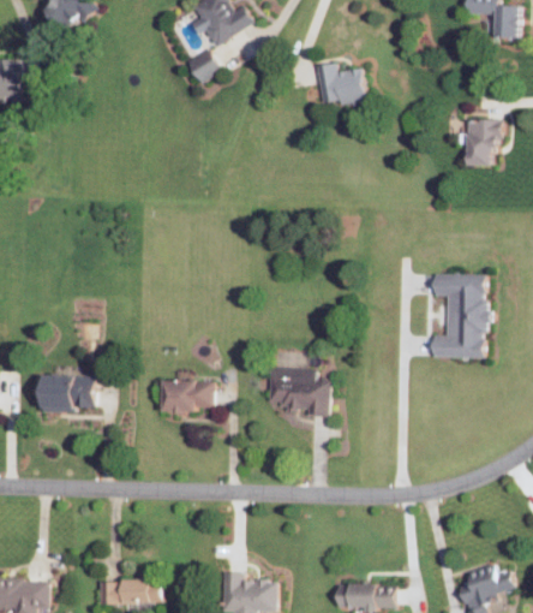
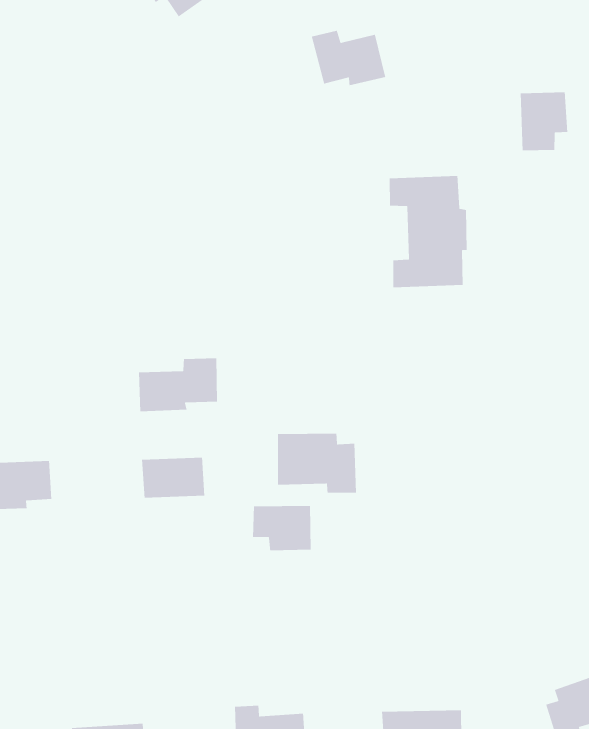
building: [185,48,220,82] -> none
building: [430,273,490,358] -> [389,175,468,288]
building: none -> [138,357,218,412]
building: none -> [252,505,311,551]

